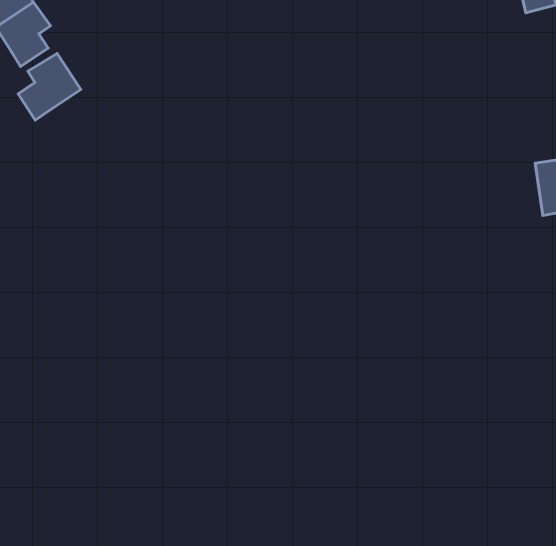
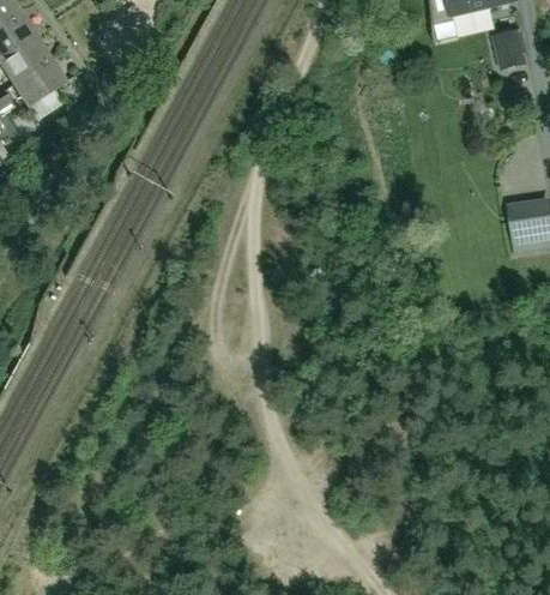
building: [18,53,81,120] -> none

